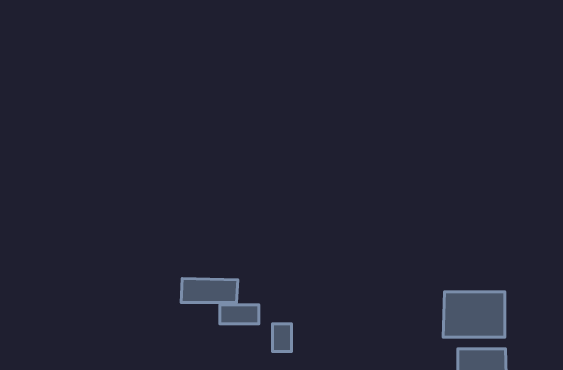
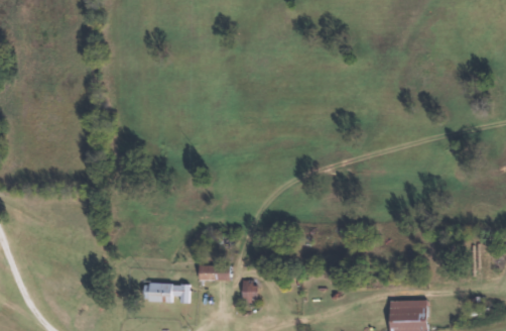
building: [181,279,238,303] -> [144,283,189,302]
building: [443,292,505,337] -> none

